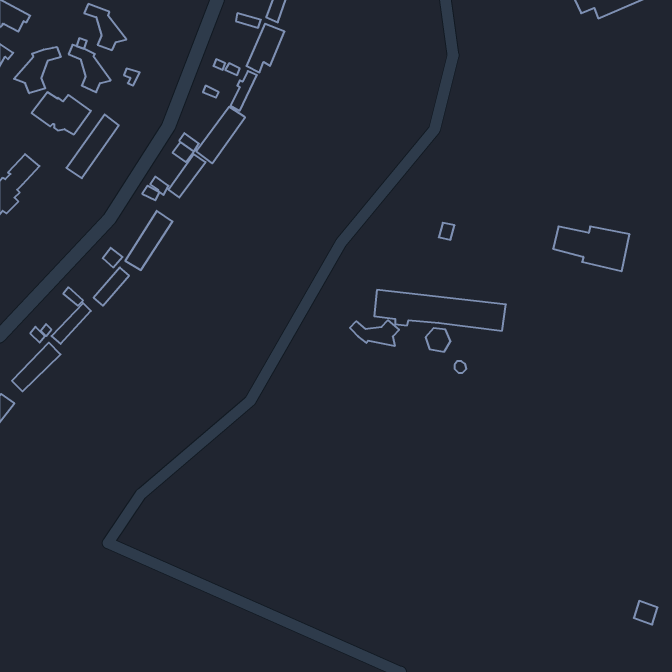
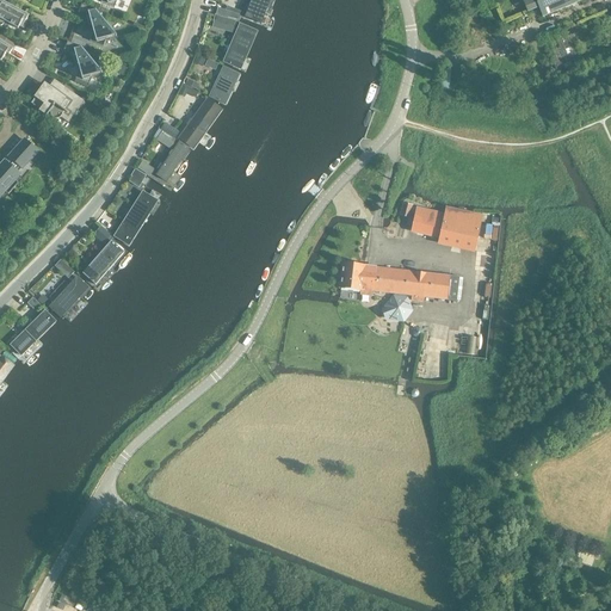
building: [14,47,61,93] -> none
building: [66,114,119,178] -> none
building: [553,226,630,271] -> [412,209,481,249]
building: [350,320,399,346] -> none

